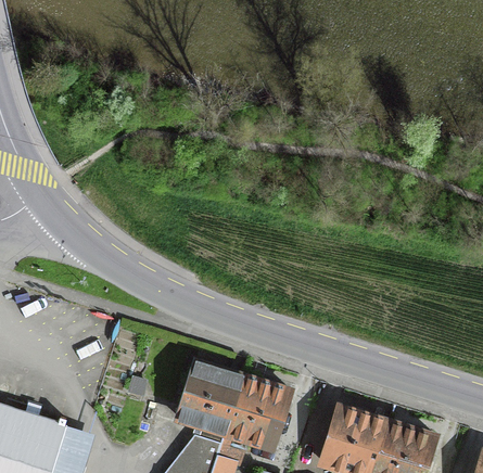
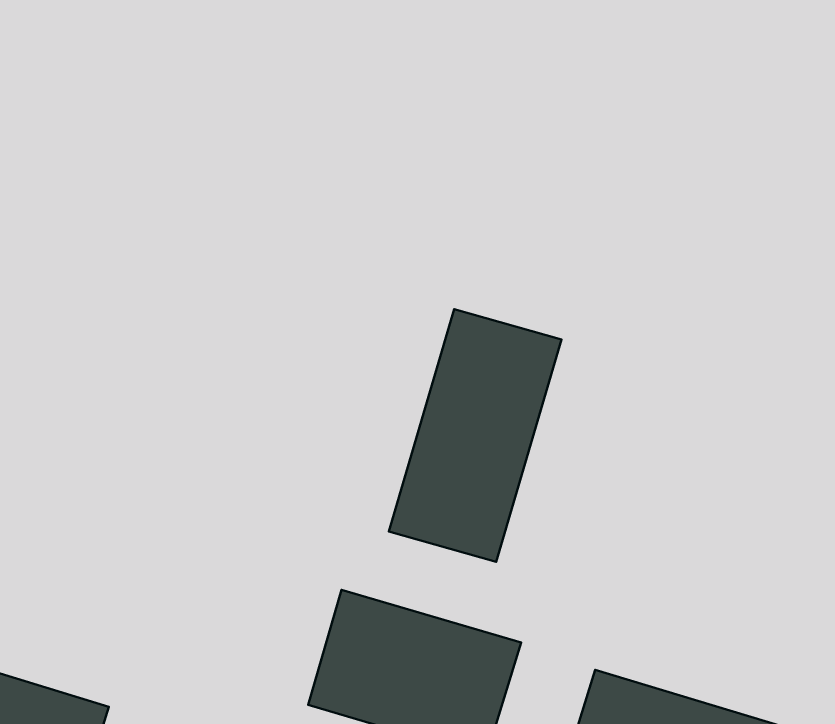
building: none -> [389,309,561,562]

